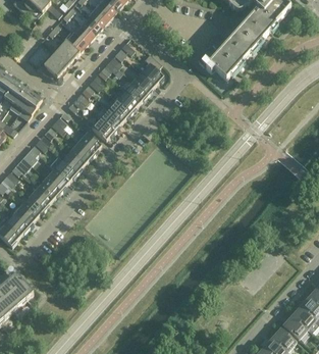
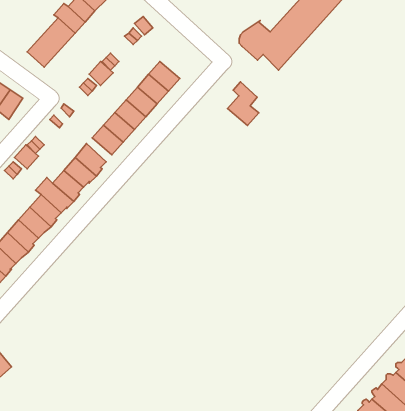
building: [140,53,162,85] -> [228,82,259,126]

